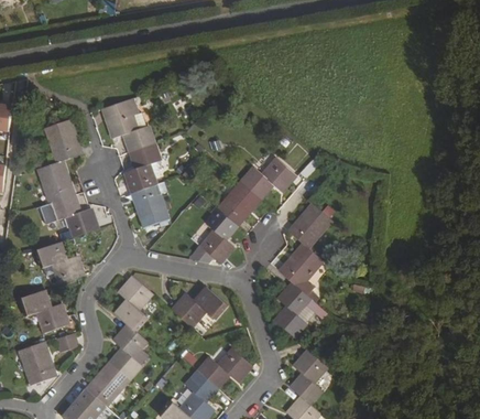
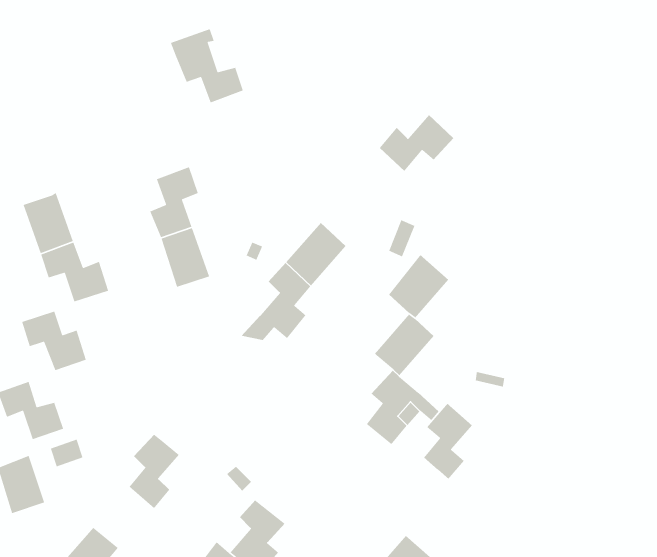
building: [101,99,152,151] -> [170,28,244,104]
building: [45,119,80,162] -> none
building: [242,158,294,197] -> [379,114,454,172]
building: [116,278,151,331] -> none
building: [171,289,223,327] -> none
building: [197,348,251,388] -> none
building: [291,350,325,402] -> [423,403,473,480]
building: [86,363,128,405] -> none

